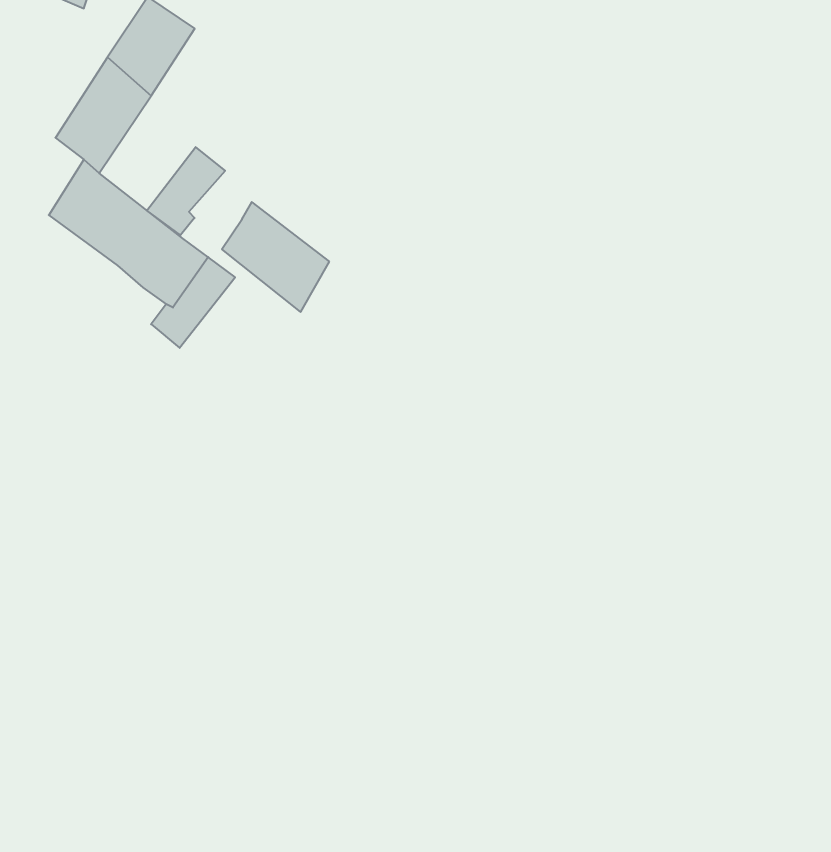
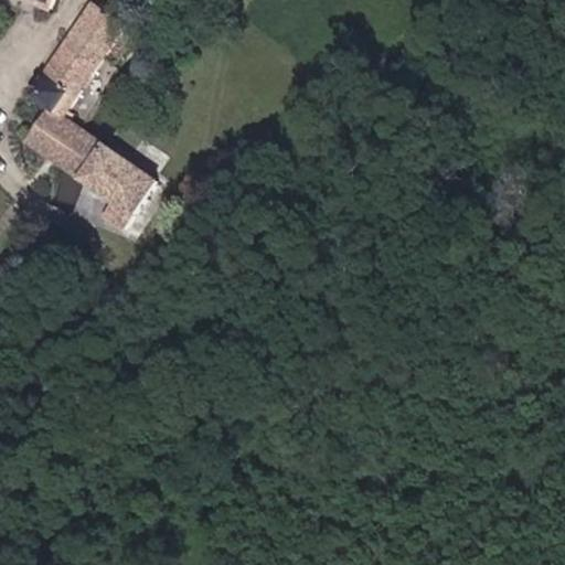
building: [147,147,225,235] -> none
building: [222,202,329,312] -> none

